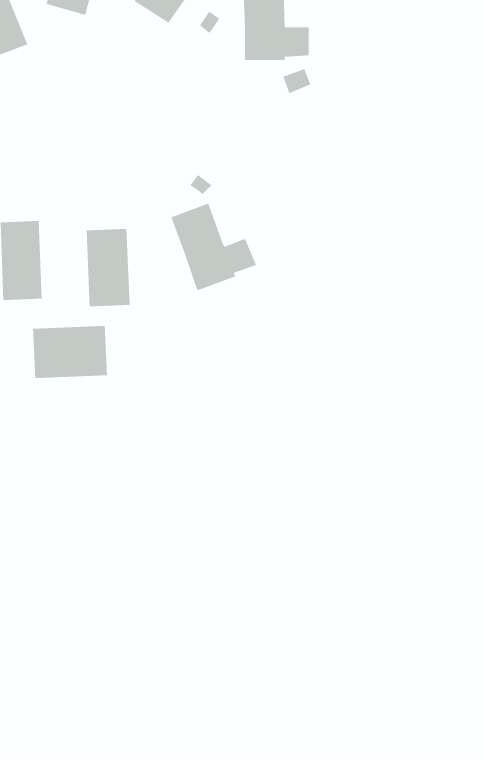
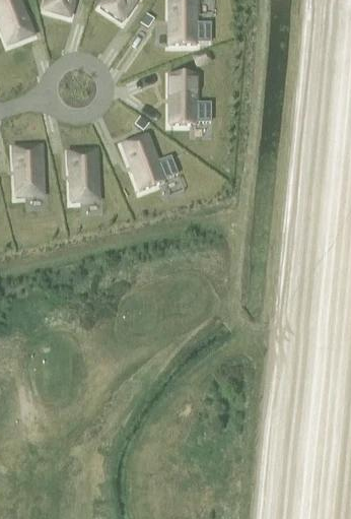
building: none -> [169,73,210,123]
building: [33,325,108,379] -> none

